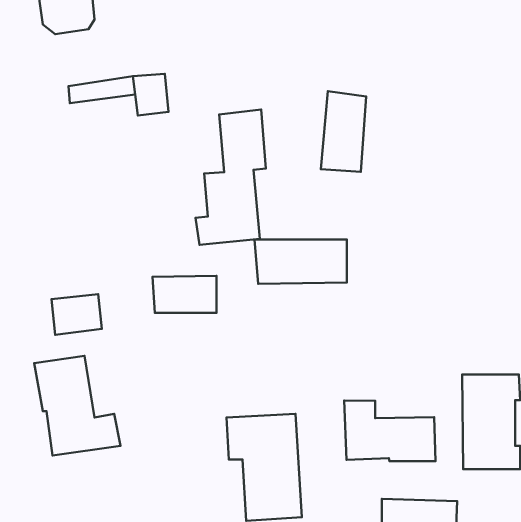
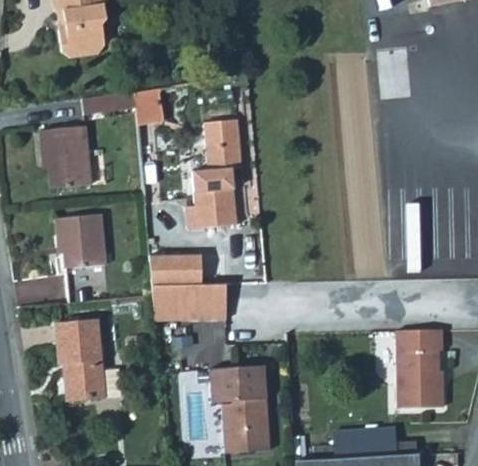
building: [321,91,366,172] -> none
building: none -> [40,127,91,189]
building: none -> [57,216,106,269]
building: [254,239,347,284] -> [152,284,227,320]
building: [344,401,436,461] -> none

